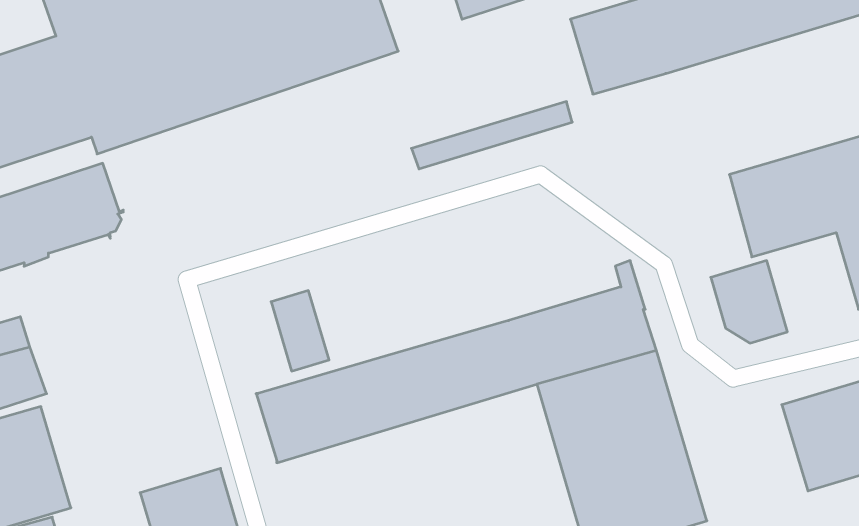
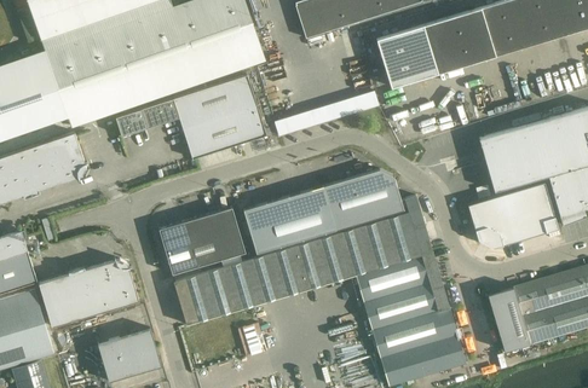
building: none -> [115,75,266,158]
building: none -> [243,169,409,256]
building: none -> [503,183,558,241]
building: none -> [207,207,244,259]
building: none -> [158,221,196,273]
building: none -> [38,259,138,326]
building: none -> [486,286,530,351]

